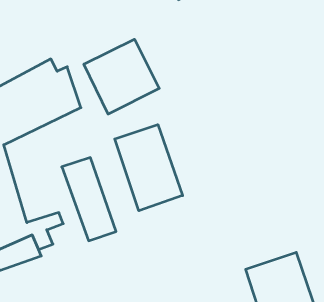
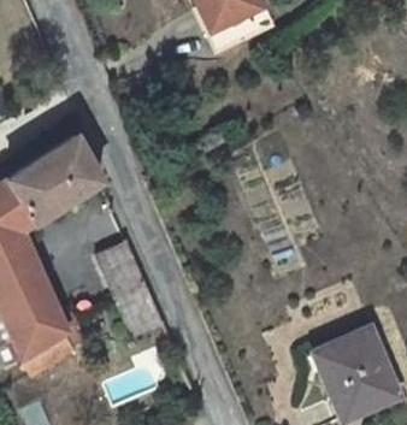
building: [84,39,159,114] -> none
building: [115,125,183,211] -> none

